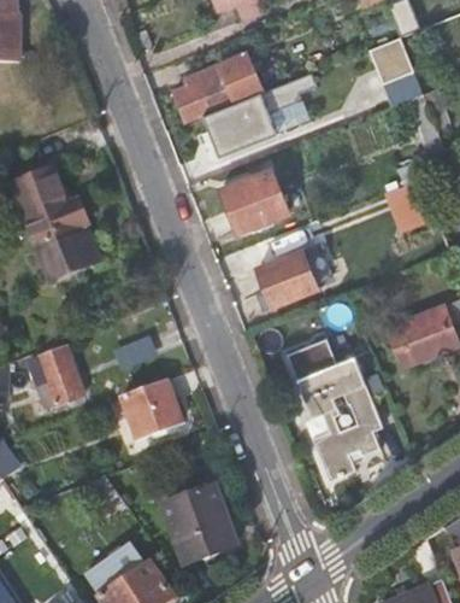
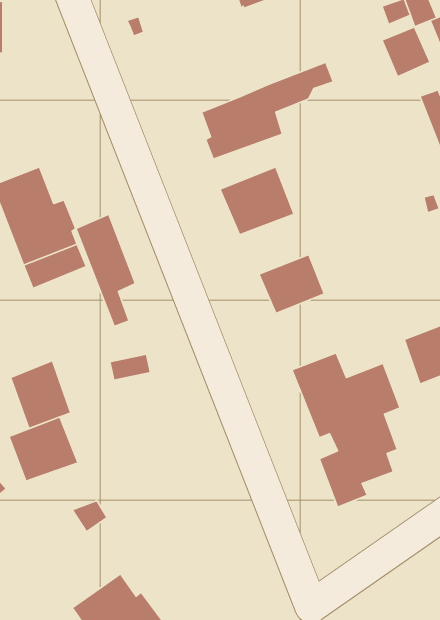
building: [175,52,265,121] -> none
building: none -> [76,214,136,326]
building: [119,380,183,439] -> [9,417,78,481]
building: [158,482,238,566] -> none

